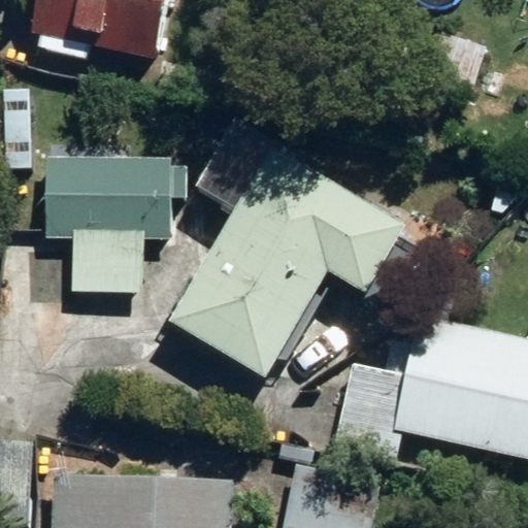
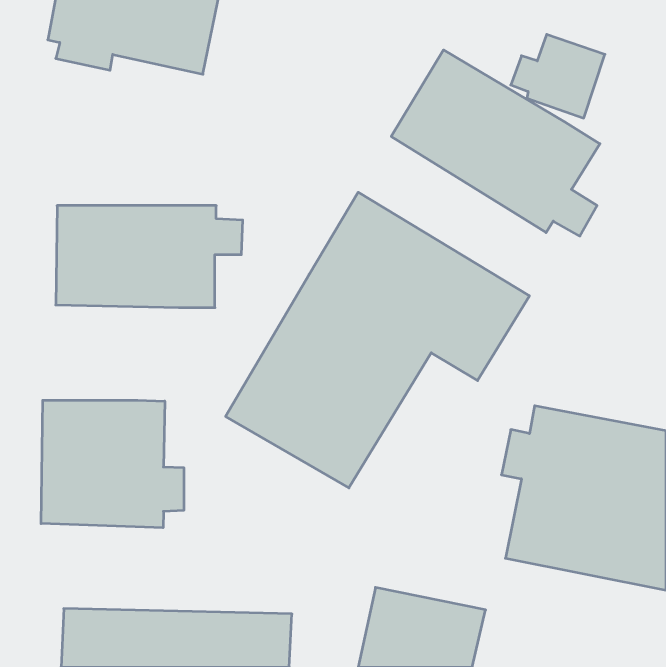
building: none -> [391,50,600,236]
building: none -> [41,400,184,528]

